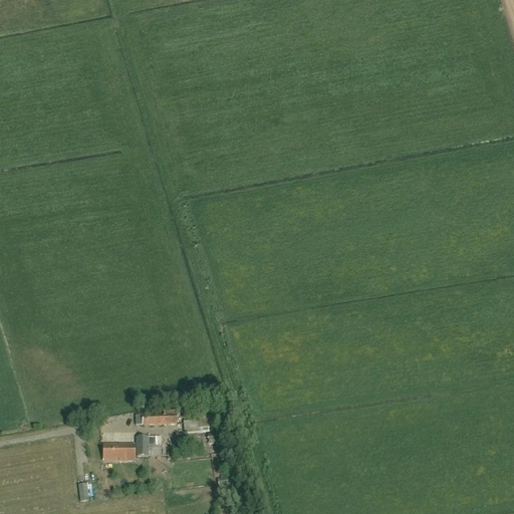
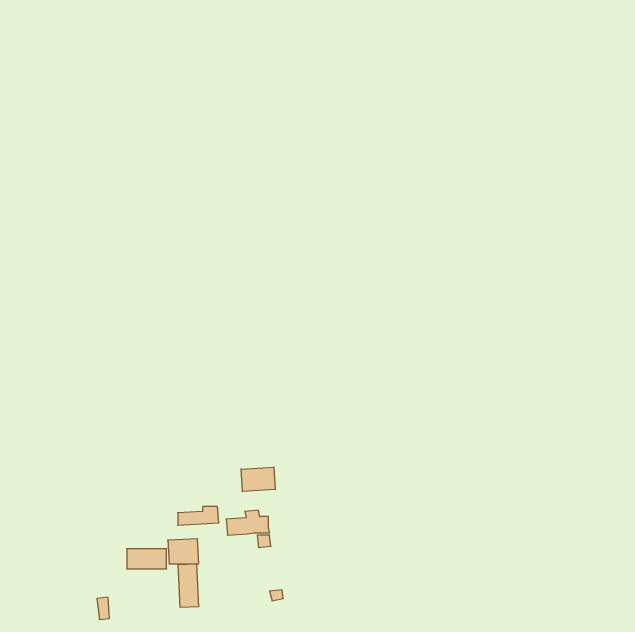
building: none -> [241,467,275,492]
building: none -> [178,564,198,607]

